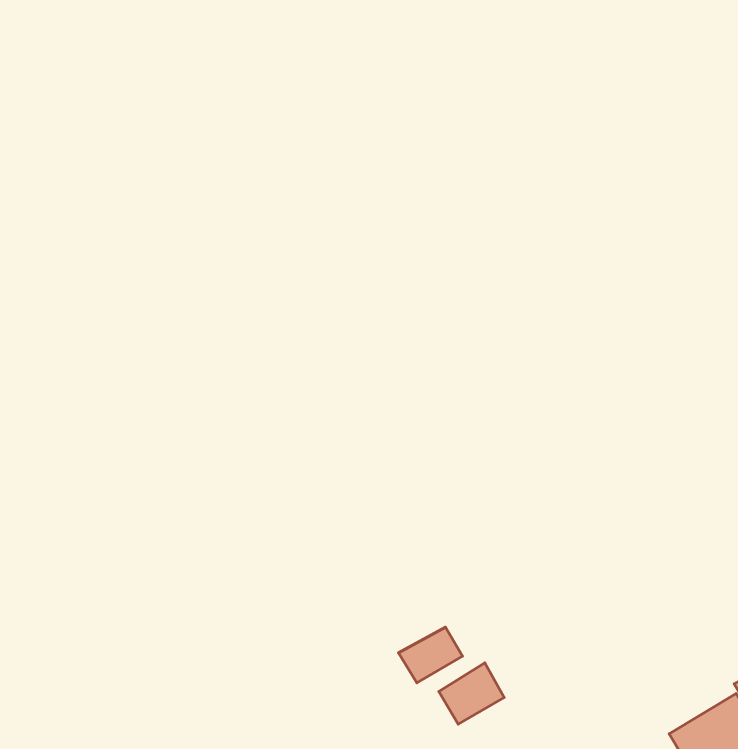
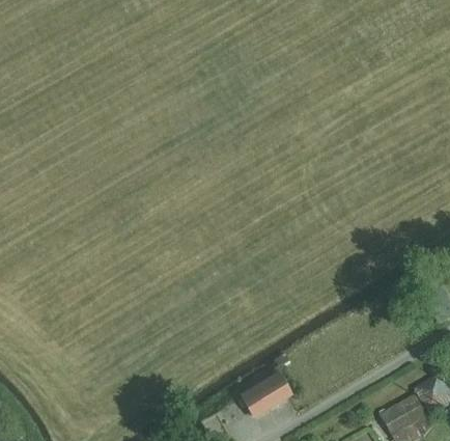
building: [398,627,462,683] -> none

